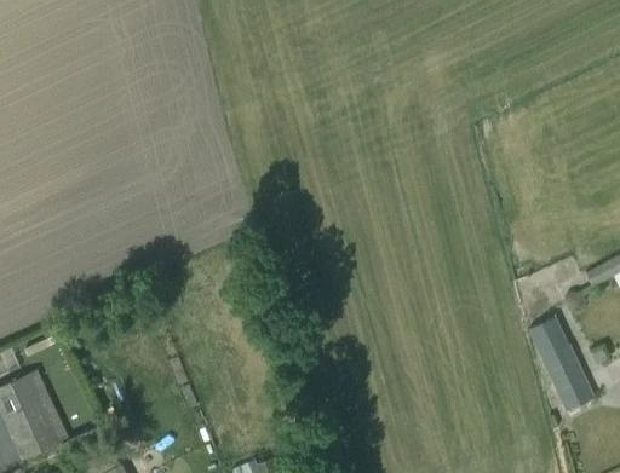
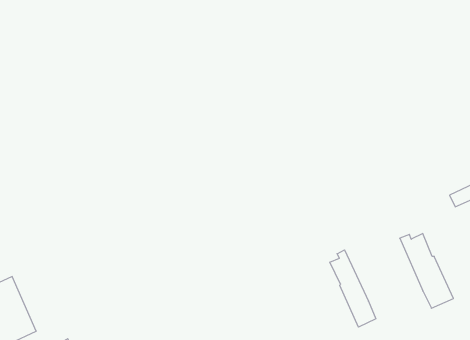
building: none -> [330,250,376,327]

